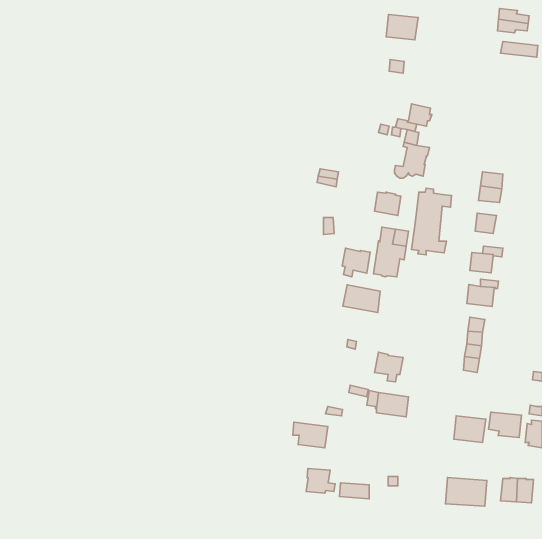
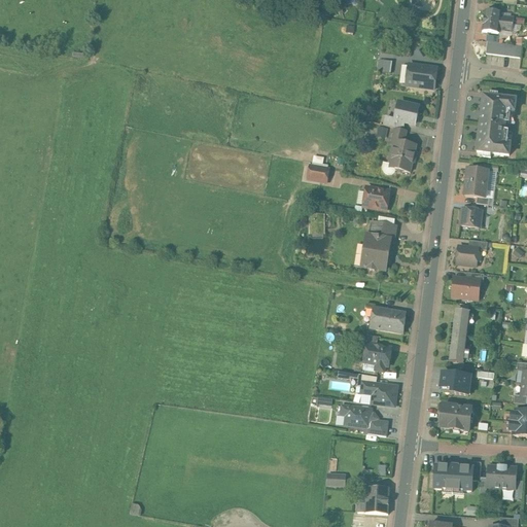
building: [386,14,418,40] -> [407,63,437,87]
building: [411,188,452,255] -> [477,91,516,155]
building: [342,248,370,277] -> none
building: [343,285,380,312] -> [370,306,406,332]
building: [489,412,521,438] -> [438,372,470,396]
building: [293,422,328,448] -> [341,402,375,427]
building: [306,469,335,493] -> none
building: none -> [363,482,391,511]

